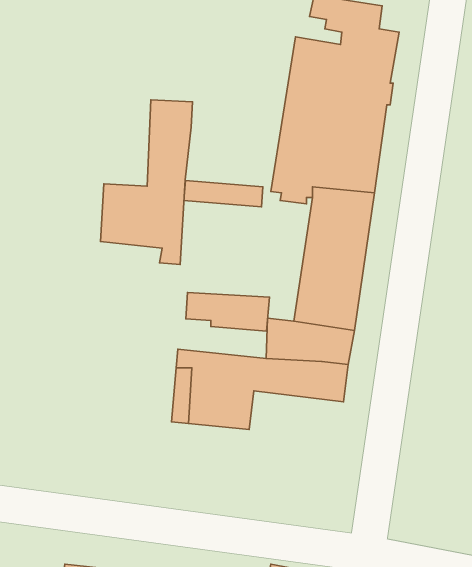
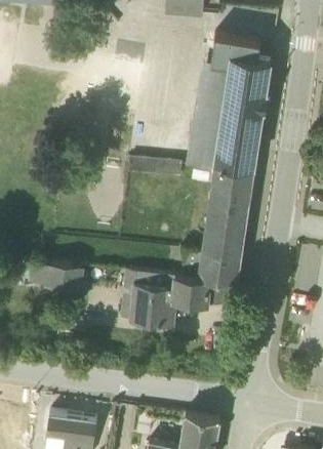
building: [100,100,192,264] -> none
building: [186,292,270,331] -> [29,262,84,288]

